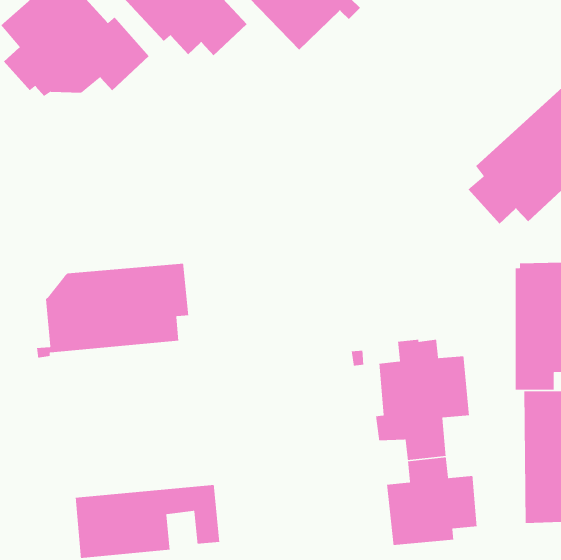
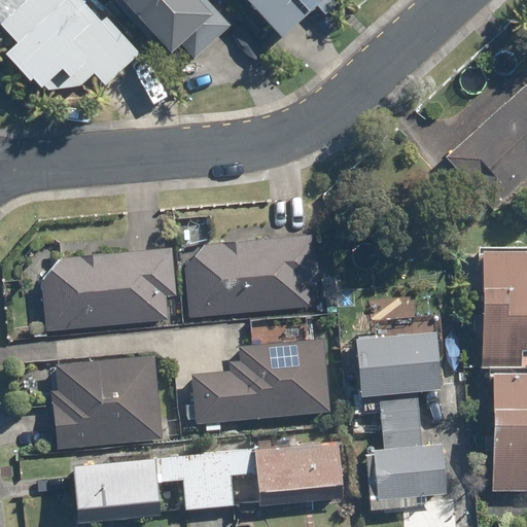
building: none -> [185,235,318,316]
building: none -> [189,331,329,429]
building: none -> [51,354,164,449]
building: none -> [202,441,341,507]

